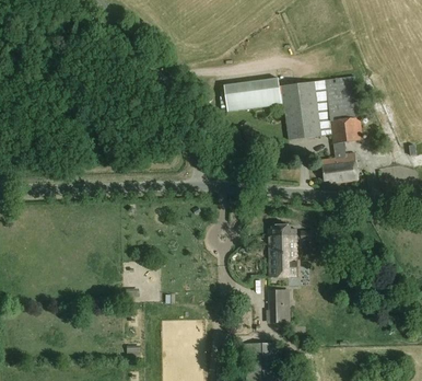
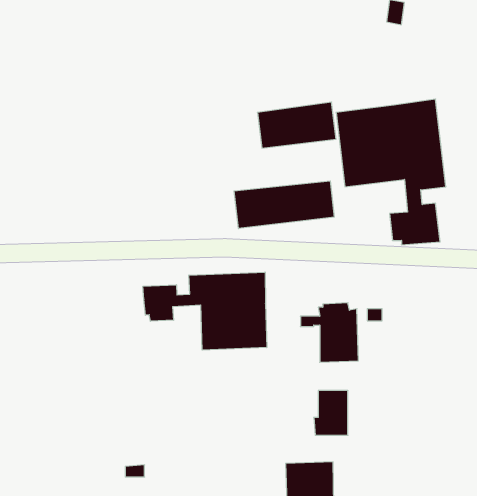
building: none -> [234,181,334,229]
building: none -> [143,272,267,350]

